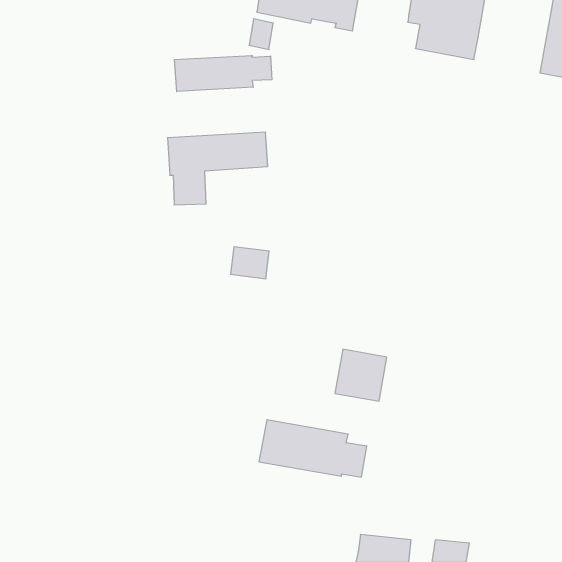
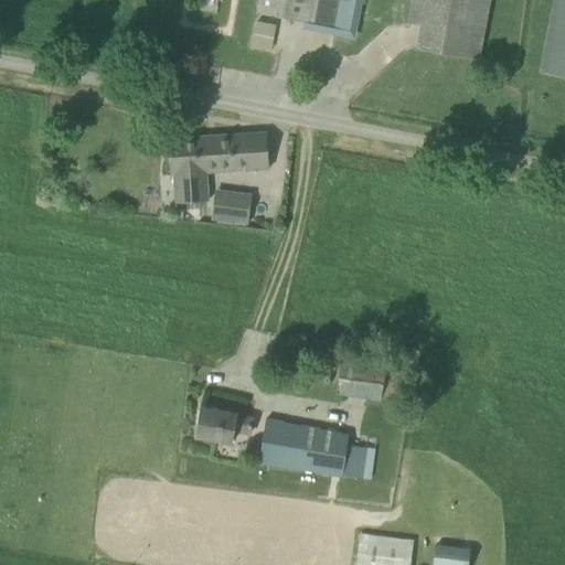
building: [175,55,272,92] -> none
building: [231,247,269,279] -> [213,192,252,224]
building: none -> [196,407,253,446]

